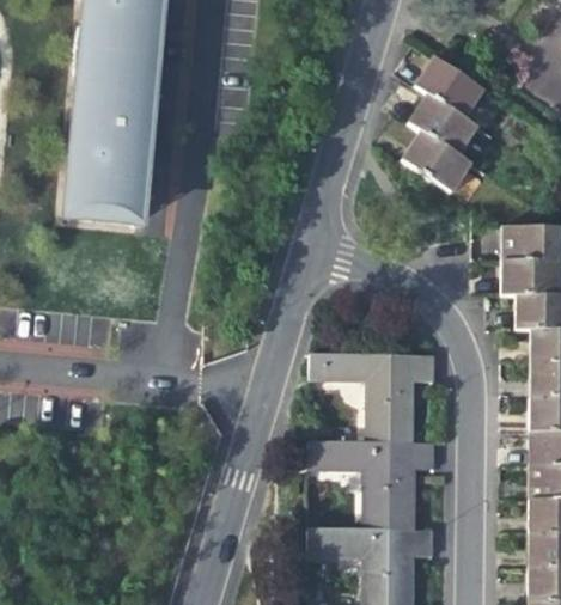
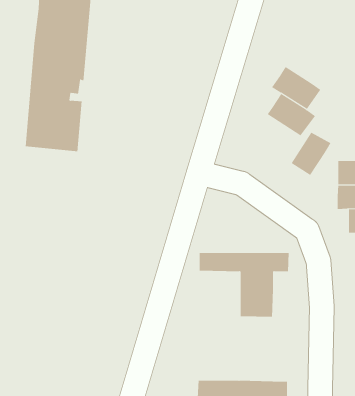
building: [420,63,487,123] -> none
building: none -> [291,132,331,176]
building: [311,440,435,530] -> none

